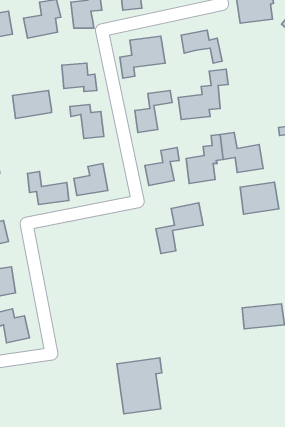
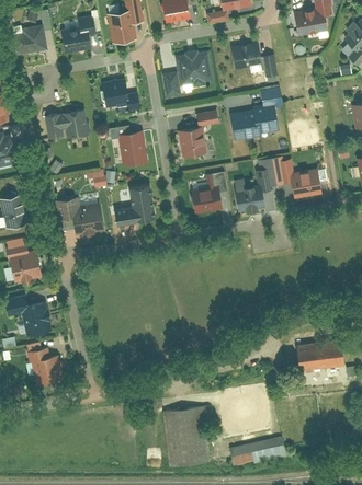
building: [240,182,279,214] -> none
building: [156,203,203,254] -> none
building: none -> [228,434,284,464]

